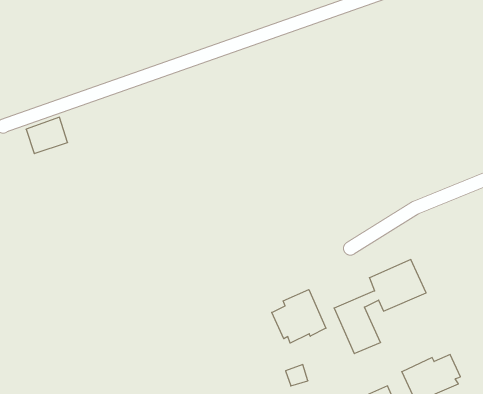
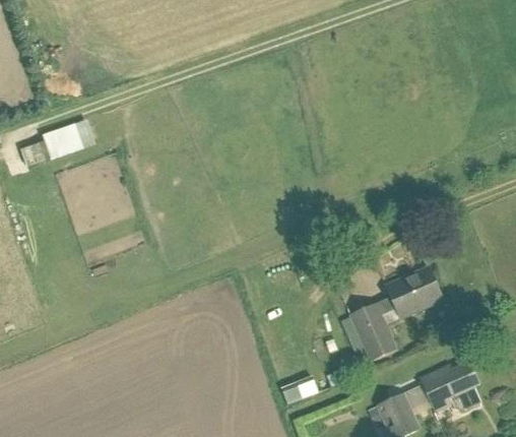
building: [272,290,326,343] -> none

